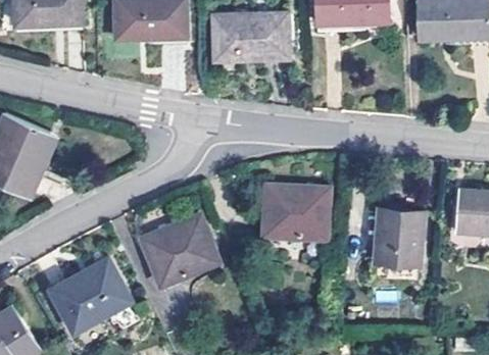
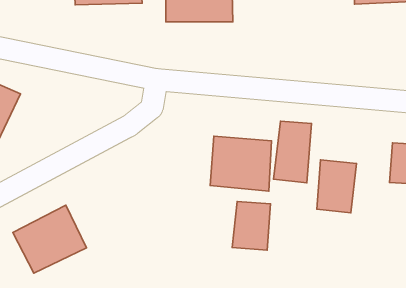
building: none -> [273,121,312,183]
building: [140,213,222,287] -> none
building: none -> [232,201,271,250]

